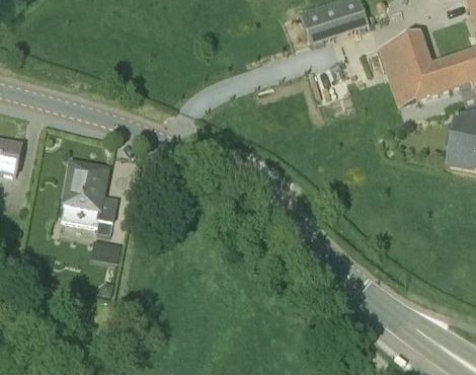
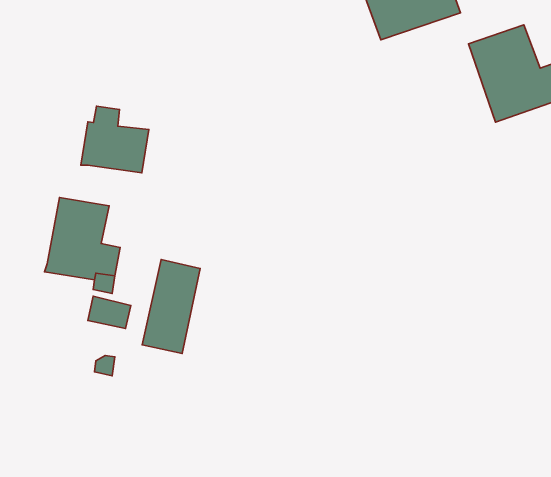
building: none -> [81,106,149,173]
building: none -> [142,259,200,353]

